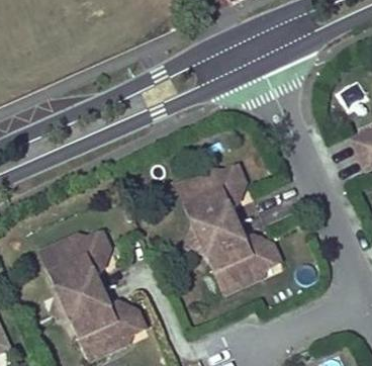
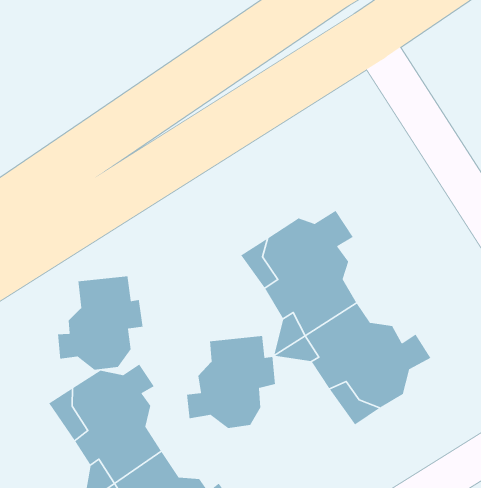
building: none -> [57,275,143,370]
building: none -> [186,335,276,429]

